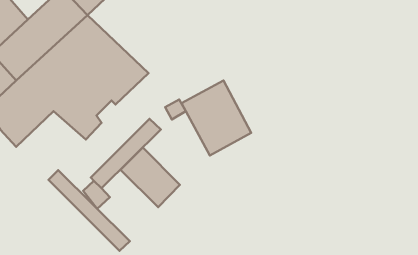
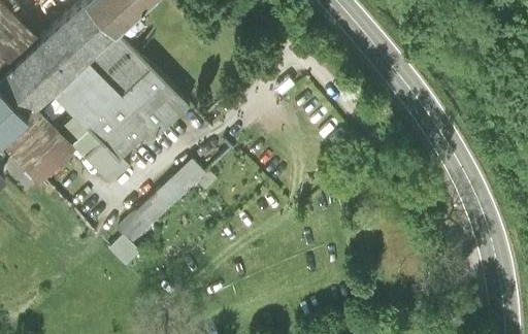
building: [181,81,251,156] -> none
building: [120,147,180,207] -> none
building: [49,170,130,251] -> none

